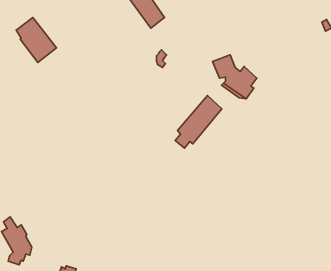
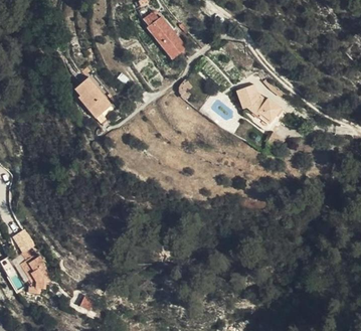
building: [16,17,56,63] -> [70,76,112,123]
building: [175,96,222,148] -> none

